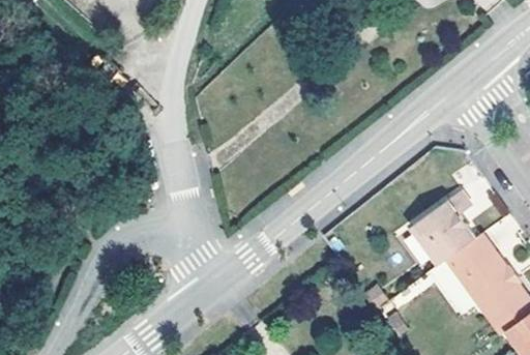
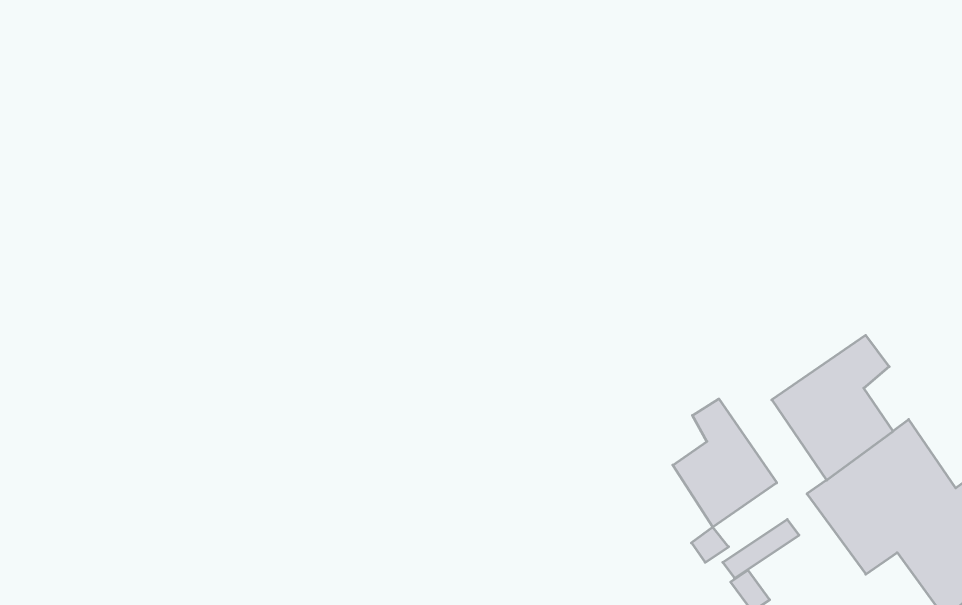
building: none -> [673,399,777,527]

